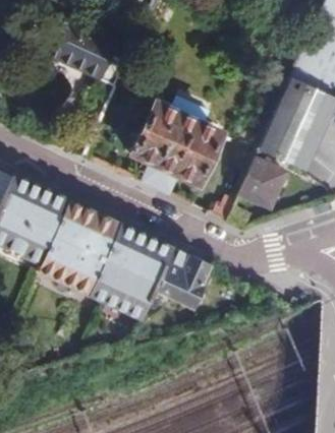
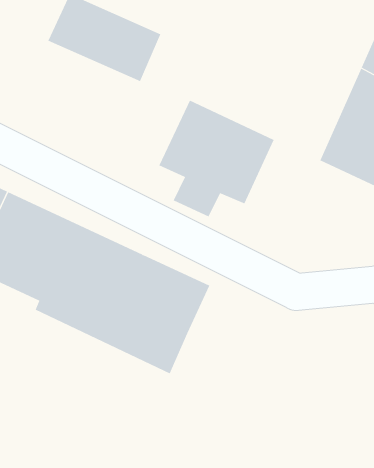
building: [238,161,286,210] -> none
building: [155,249,208,304] -> none

